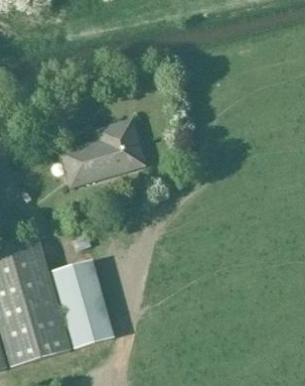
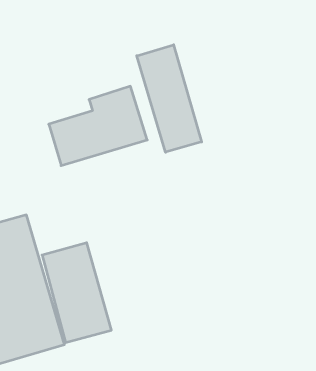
building: none -> [137,45,202,152]

